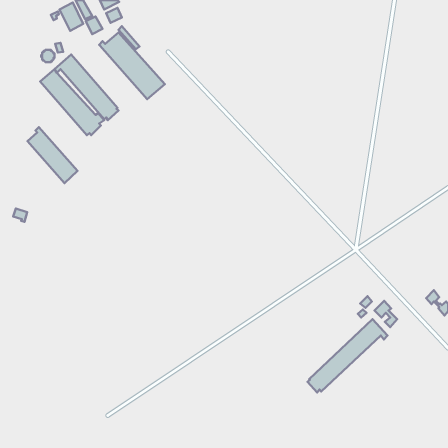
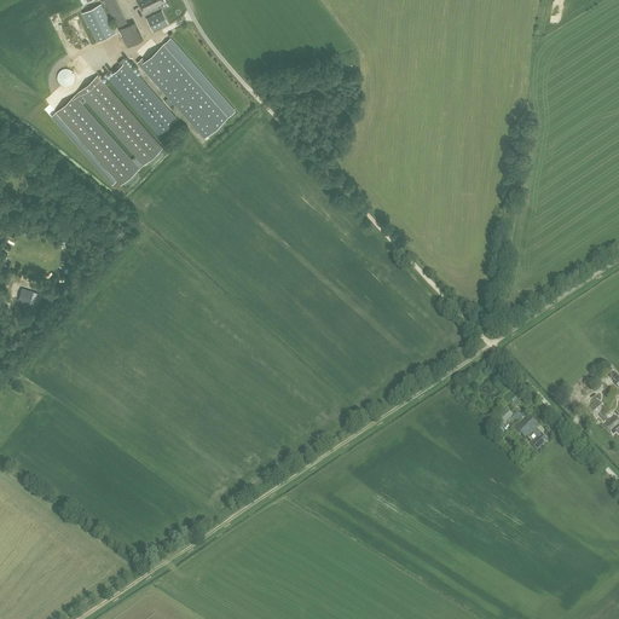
building: [28,127,78,183] -> [108,58,177,135]
building: [308,319,387,392] -> none

